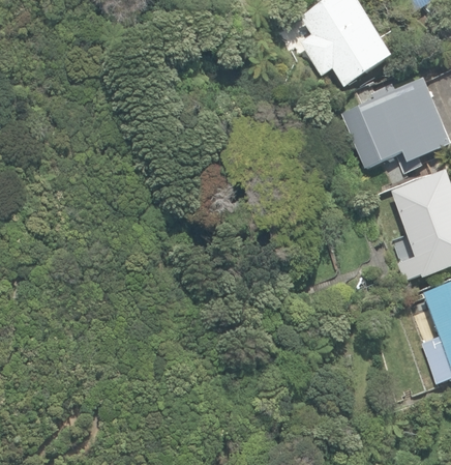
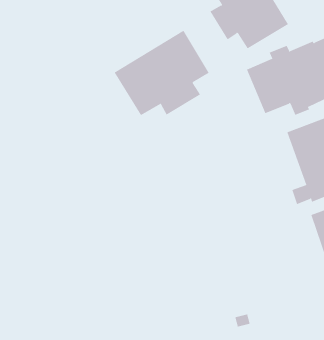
building: none -> [114,30,210,116]

